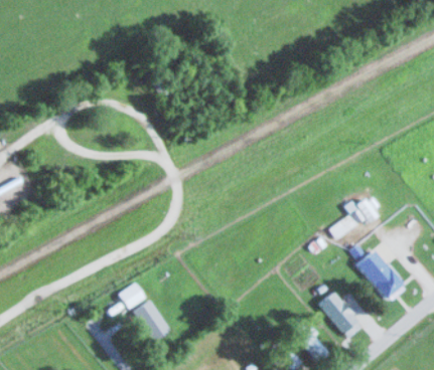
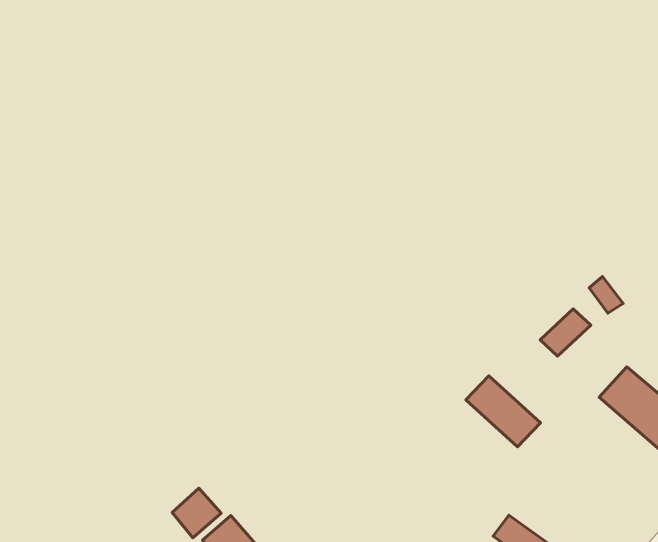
building: [320,293,358,333] -> [466,376,541,447]

